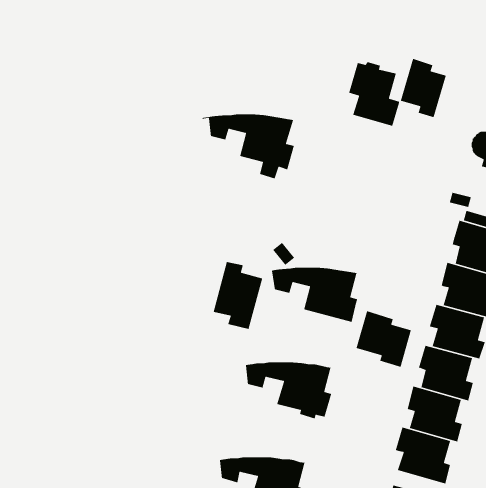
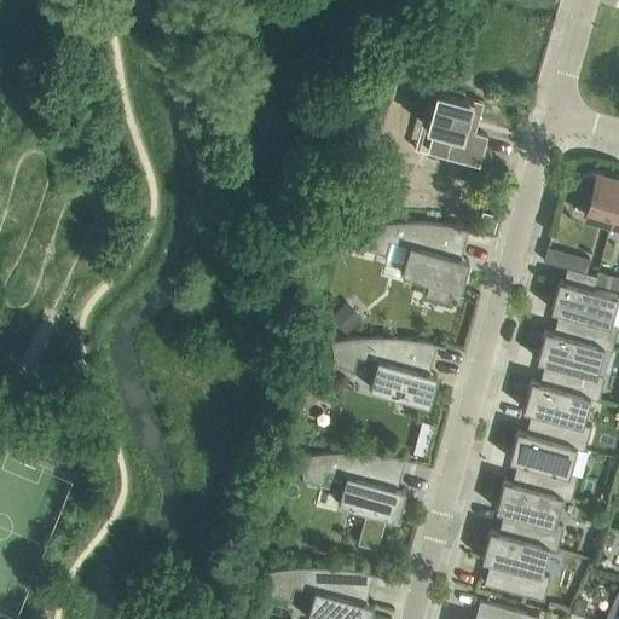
building: [400,58,447,118] -> none
building: [201,114,301,180] -> [357,225,478,305]
building: [211,261,265,330] -> none
building: [356,310,412,368] -> none

